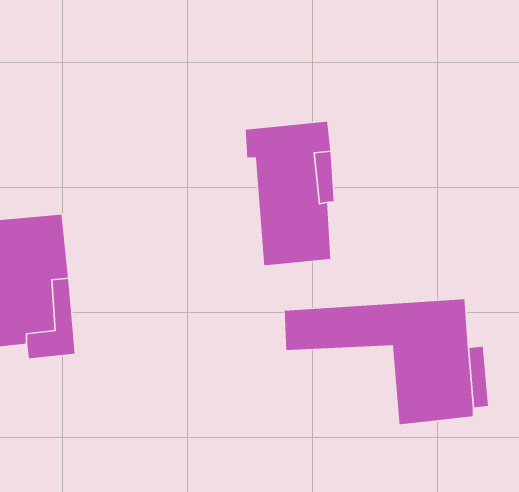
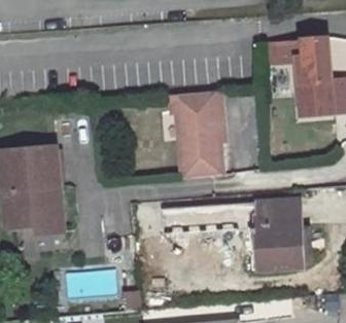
building: none -> [261,37,331,119]

